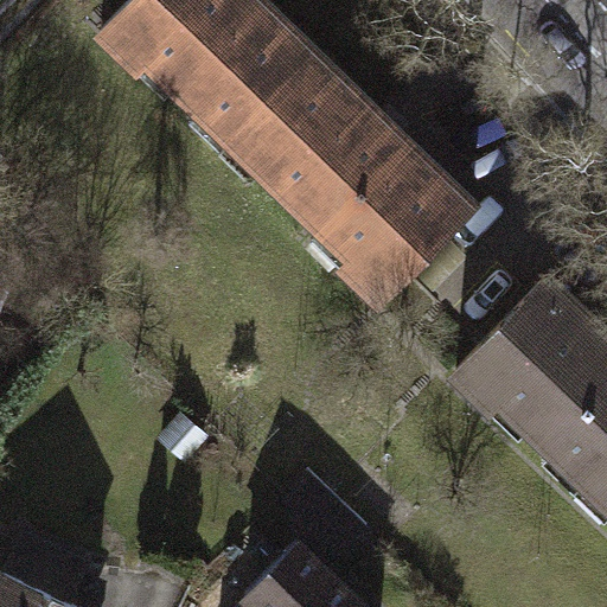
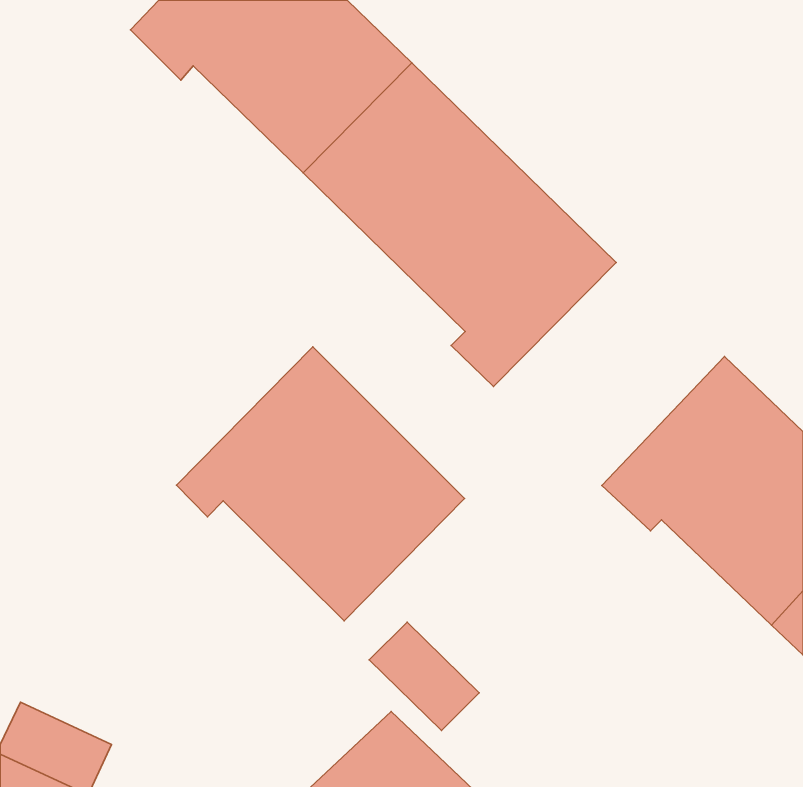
building: none -> [177,347,465,621]

